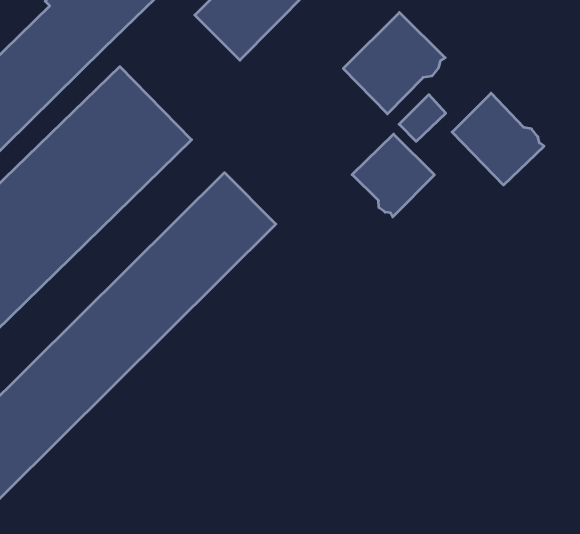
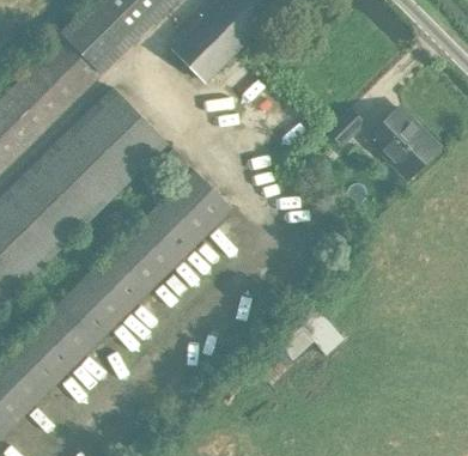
building: [343,12,445,114] -> none
building: [352,134,434,217] -> none

